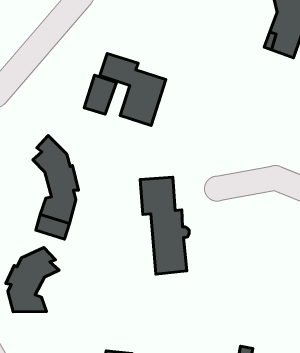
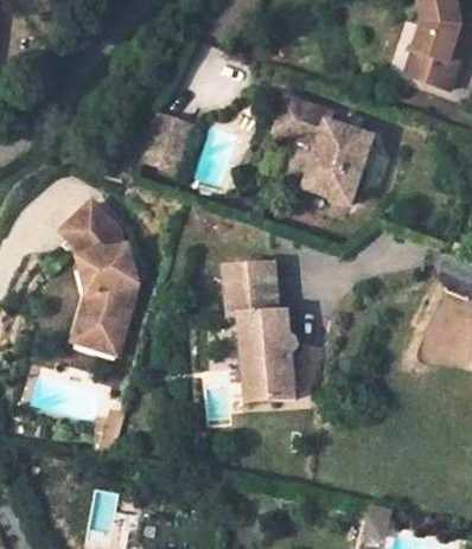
building: [100,54,166,125] -> [274,100,370,204]
building: [6,247,59,312] -> none

